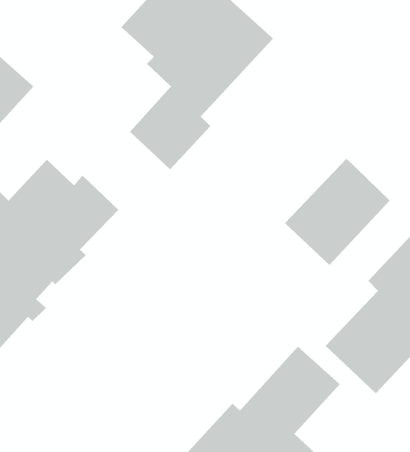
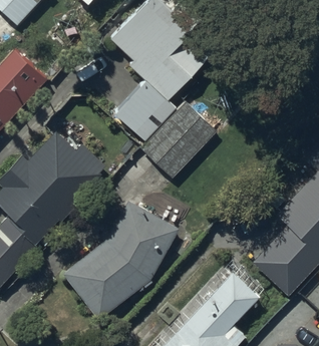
building: [284,158,390,266] -> [140,104,216,181]
building: none -> [62,202,178,321]

